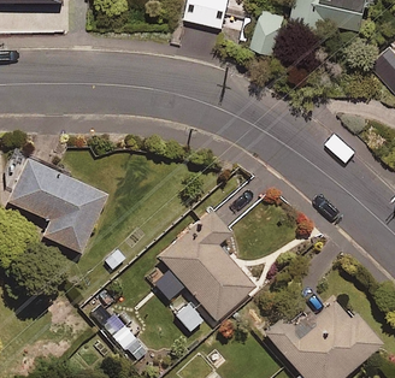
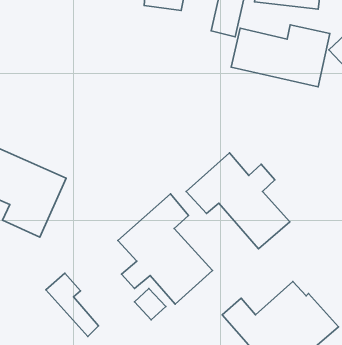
building: none -> [231,25,330,87]
building: none -> [186,153,290,249]

